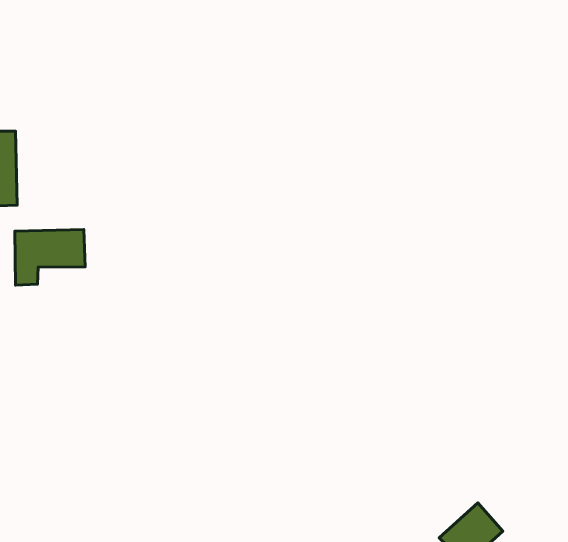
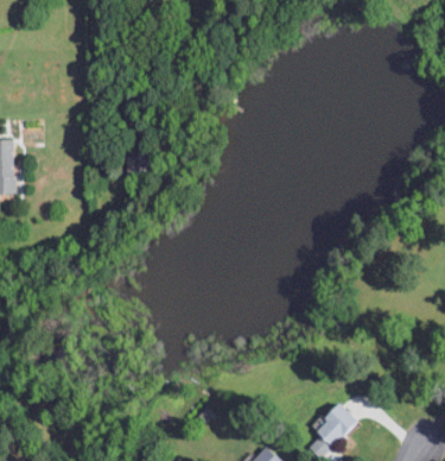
building: [15,230,85,285] -> none

